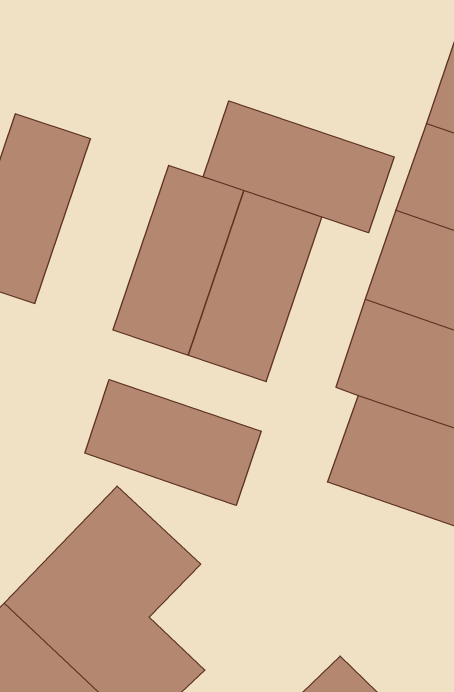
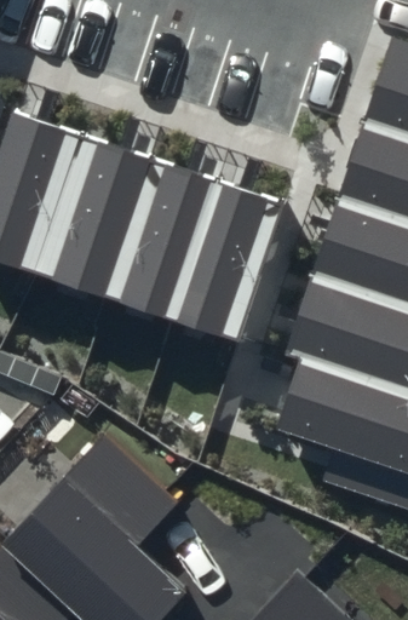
building: [203,101,394,233] -> none
building: none -> [33,134,149,300]
building: [85,380,261,505] -> none

